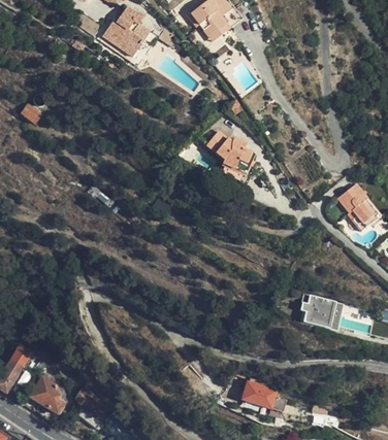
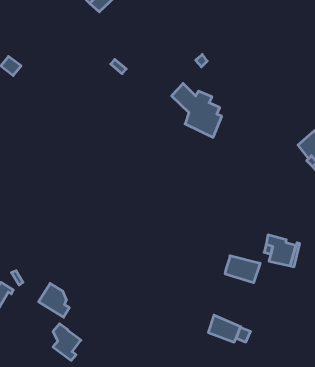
building: none -> [225,256,260,283]
building: [30,378,63,414] -> [39,283,69,317]

